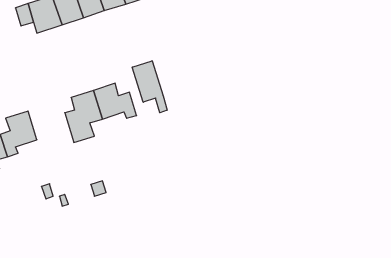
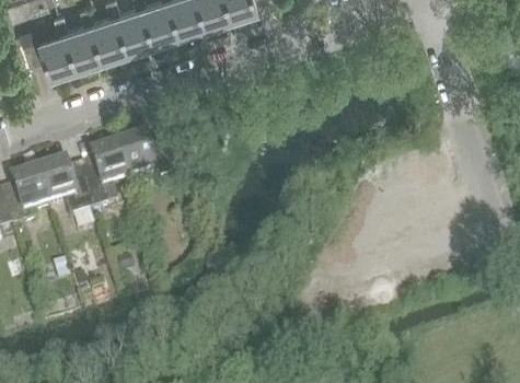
building: [132,61,167,113] -> none
building: none -> [36,164,92,219]

